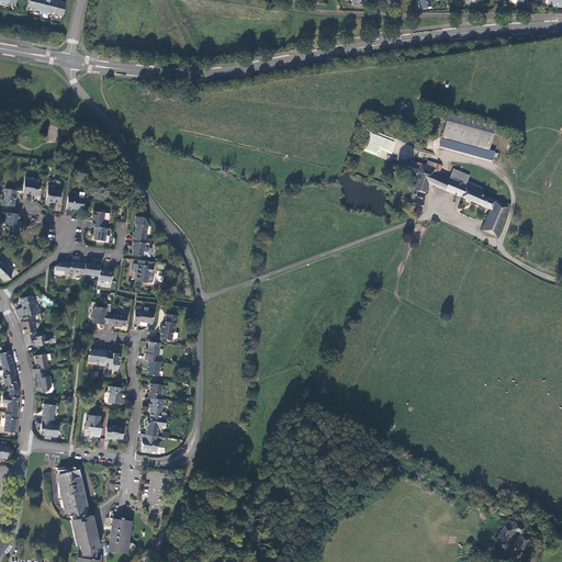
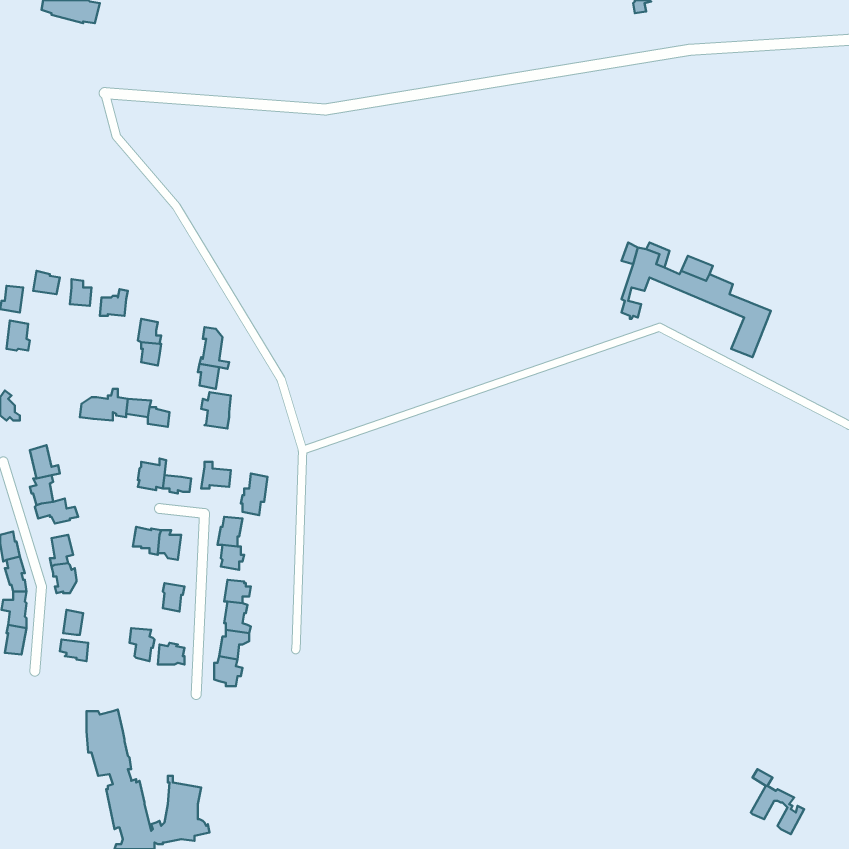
building: [442,114,495,149] -> none

